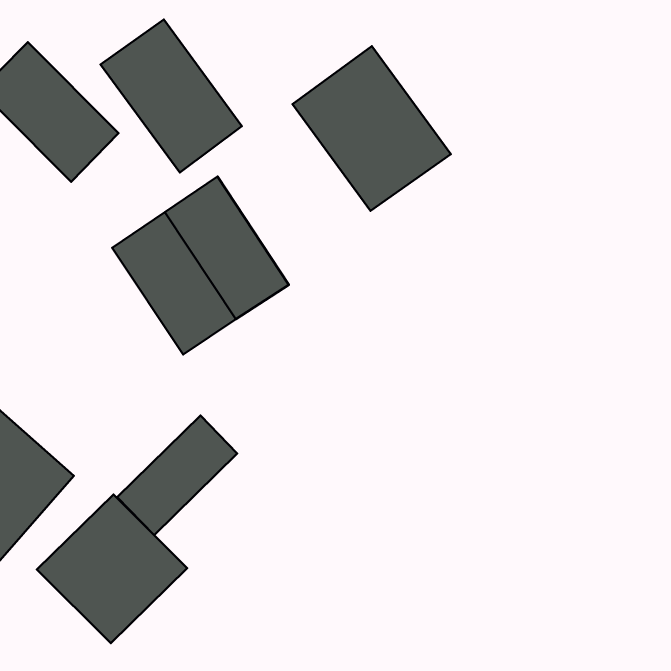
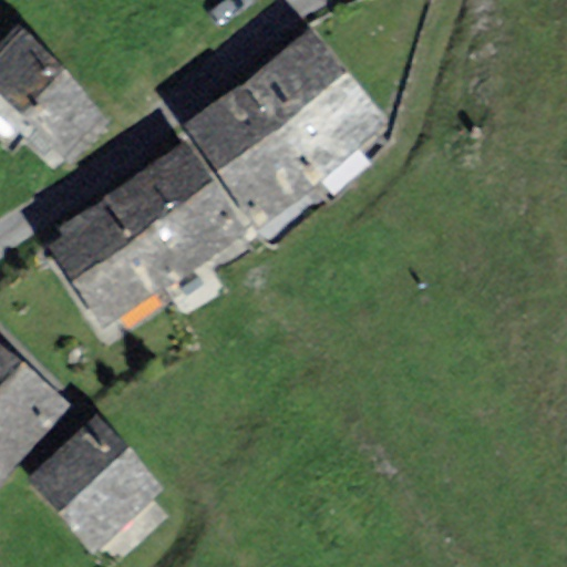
building: [101,20,242,172] -> [193,87,311,216]
building: none -> [50,208,154,328]
building: [117,416,237,535] -> none

